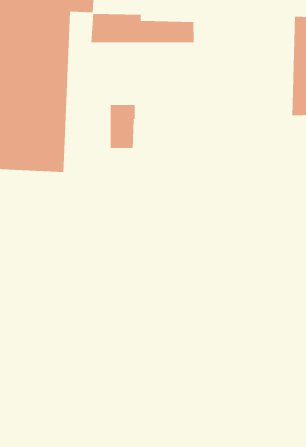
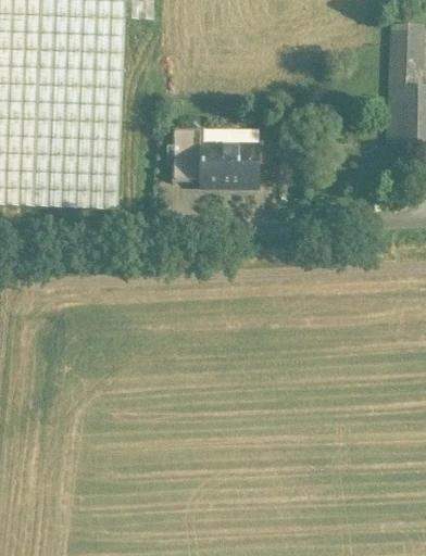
building: [90,13,195,43] -> none
building: none -> [200,128,258,186]

